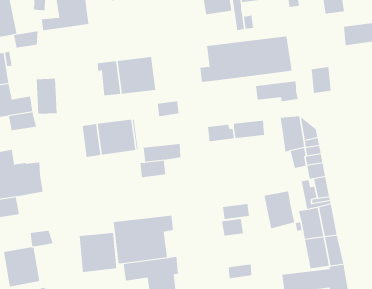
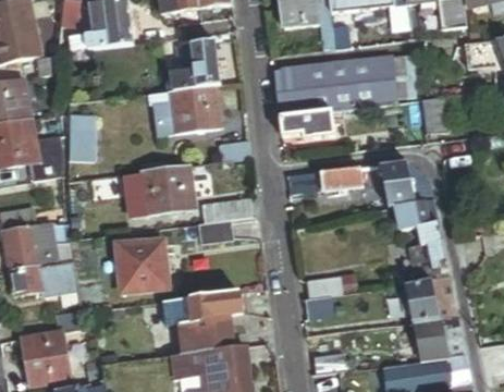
building: none -> [165,40,220,89]
building: [255,81,299,102] -> [279,111,335,138]
building: [264,190,295,229] -> none
building: none -> [38,260,79,305]
building: [79,233,117,273] -> [118,240,168,292]

